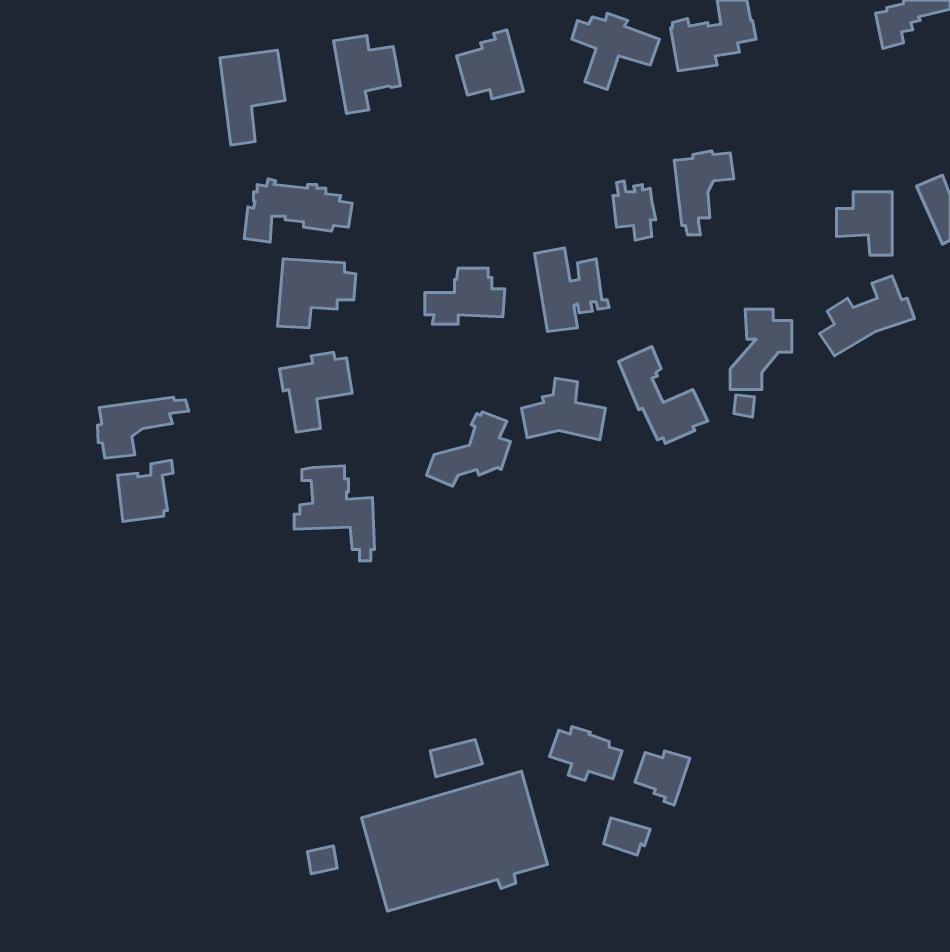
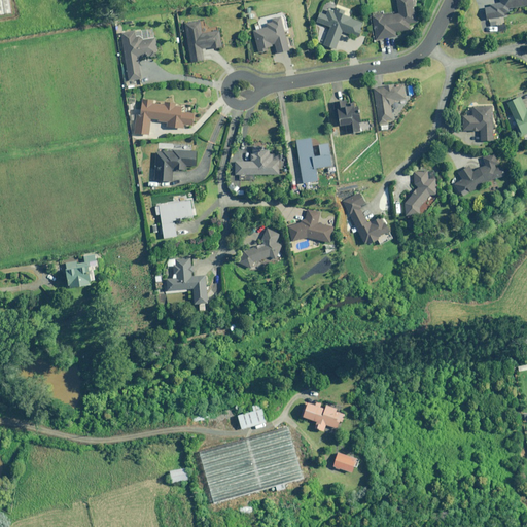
building: [98,397,189,458] -> none
building: [635,751,690,805] -> none

